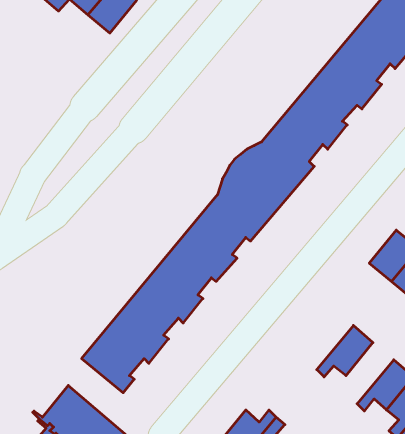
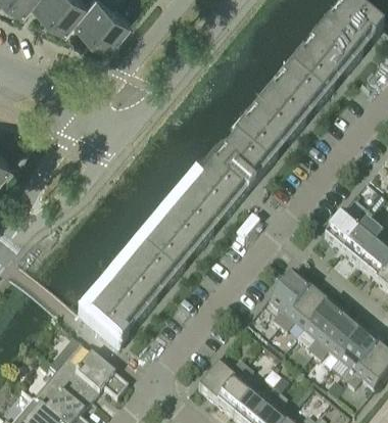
building: none -> [269,274,309,325]
building: none -> [296,302,343,354]

